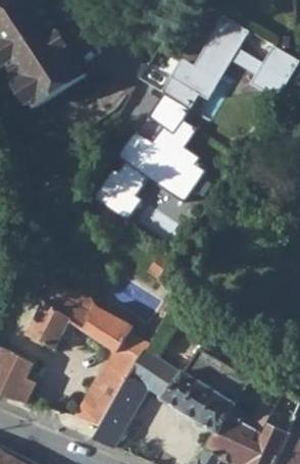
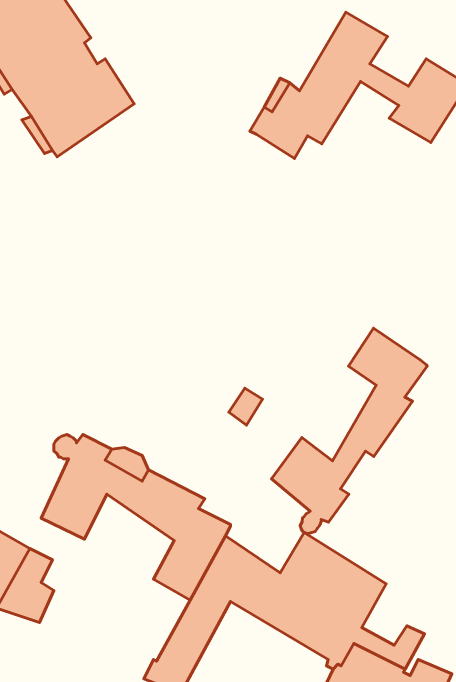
building: [93,93,205,220] -> none
building: none -> [271,328,427,533]
building: [74,375,122,427] -> none

